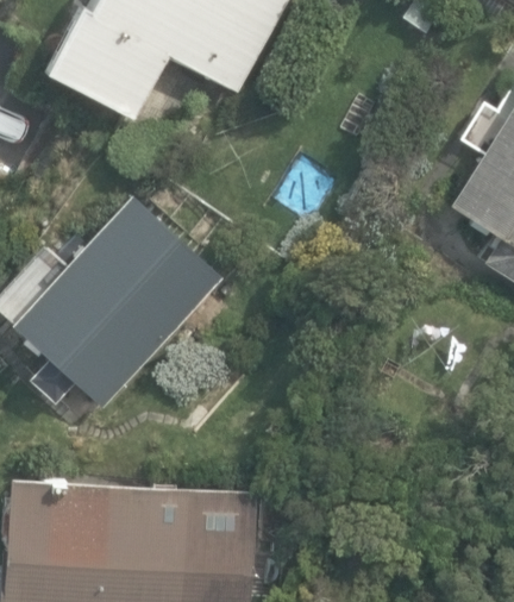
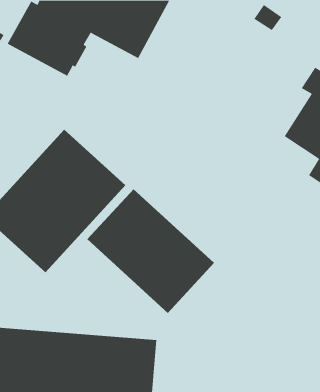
building: none -> [86,188,215,314]

